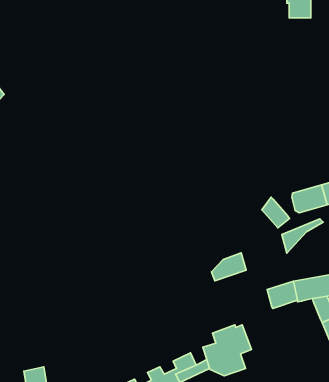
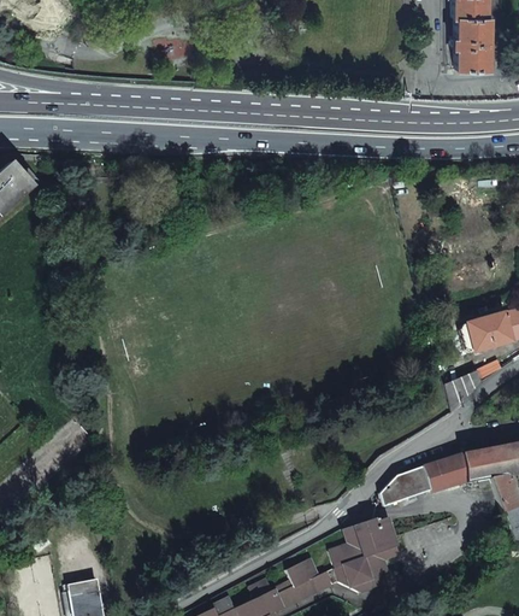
building: [262,197,289,228] -> none
building: [212,253,246,281] -> [381,465,431,506]

